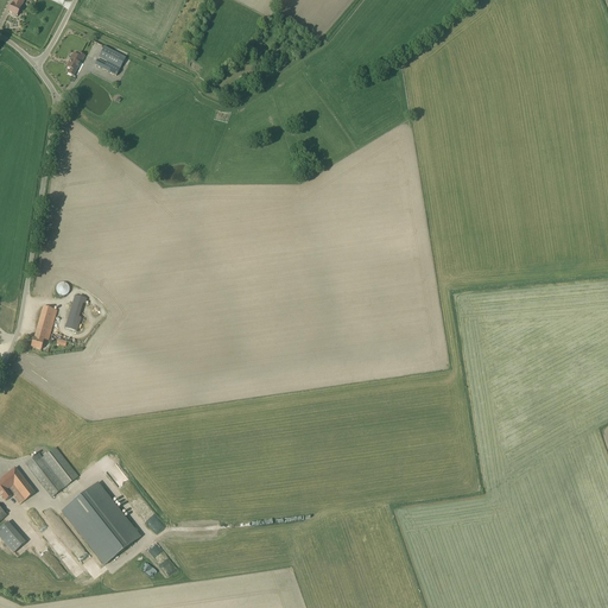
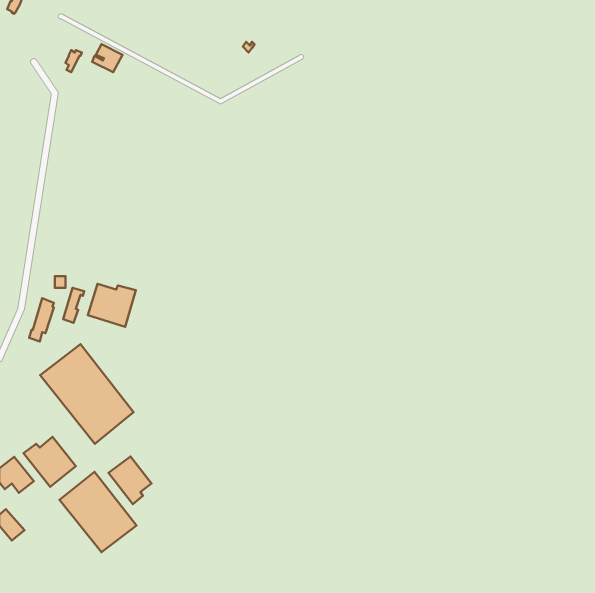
building: none -> [88,284,136,327]
building: none -> [40,344,134,444]
building: none -> [108,456,152,504]

